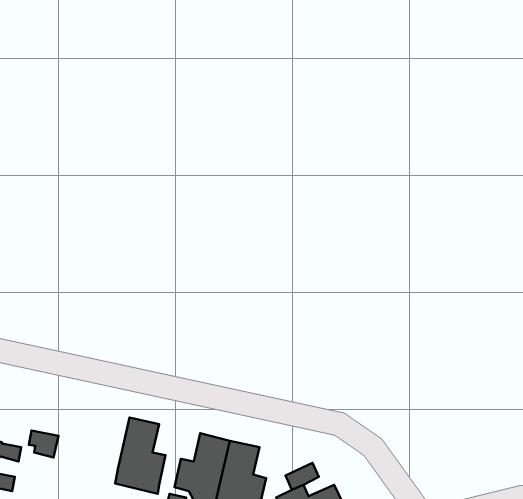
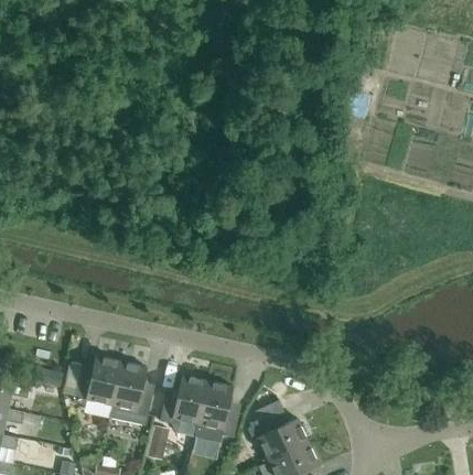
building: none -> [73,356,121,406]

